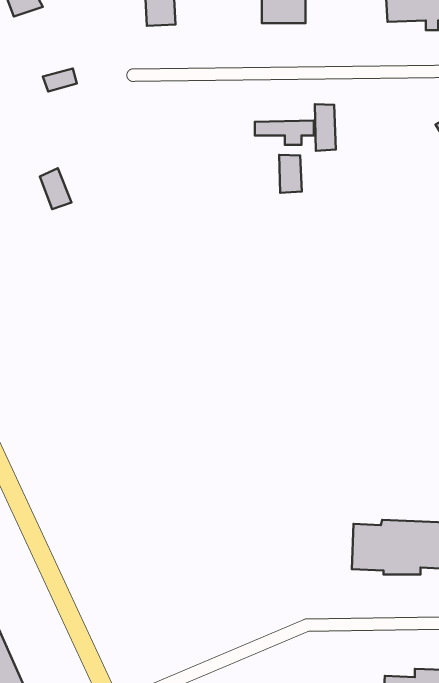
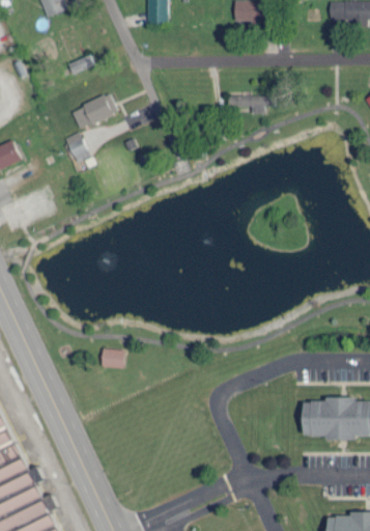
building: [315,104,336,151] -> none
building: none -> [70,92,117,129]
building: [279,155,302,193] -> none
building: none -> [101,347,124,368]

